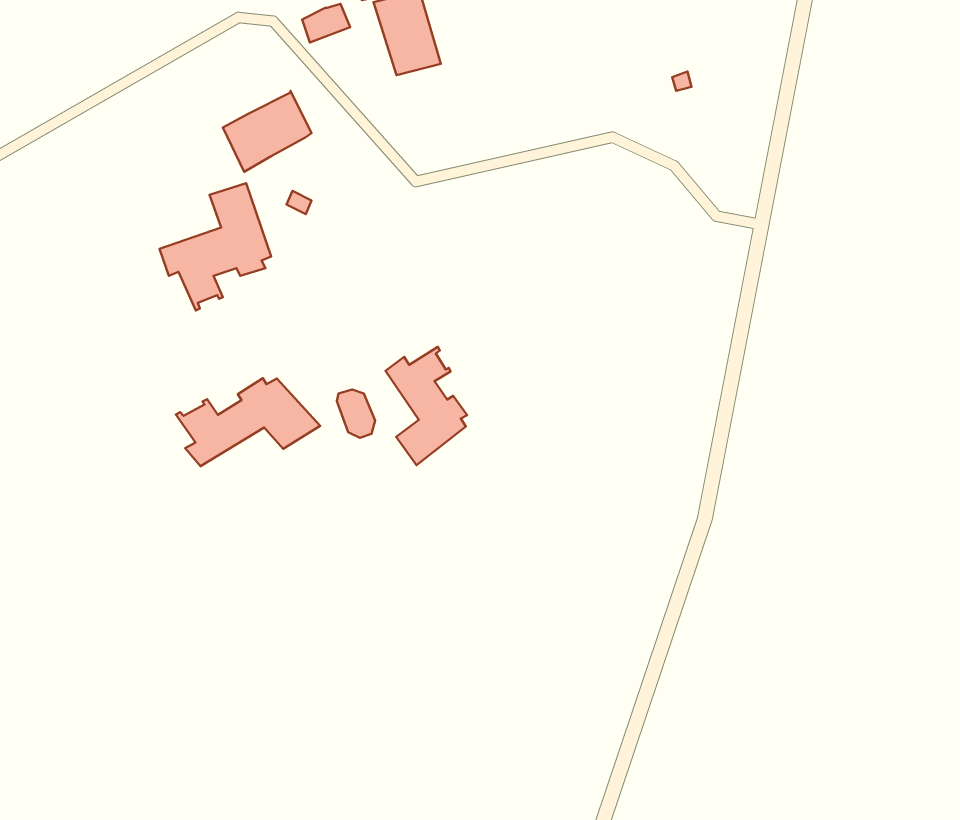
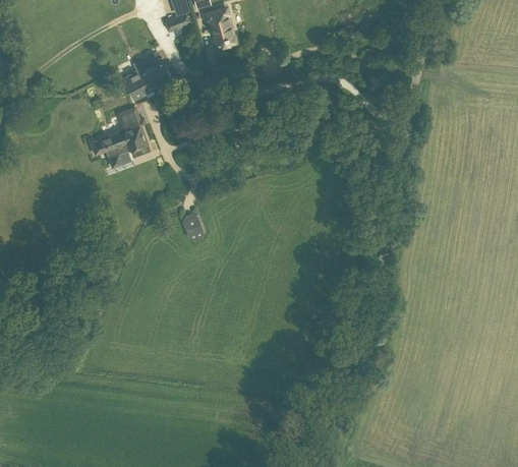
building: [386,347,467,465] -> none
building: [176,378,320,466] -> none

